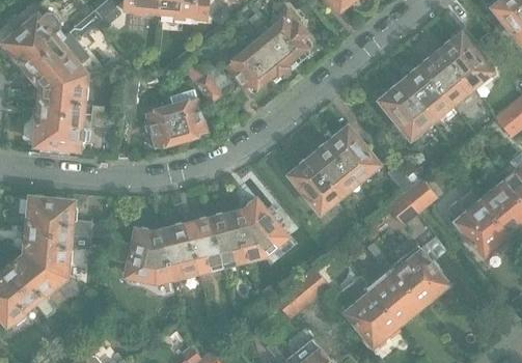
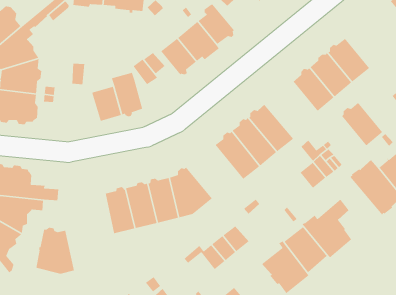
building: [440,33,489,85] -> [341,102,383,146]
building: [126,227,171,282] -> [35,227,75,274]

